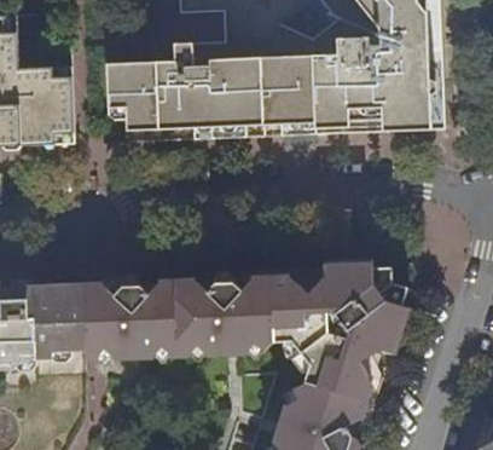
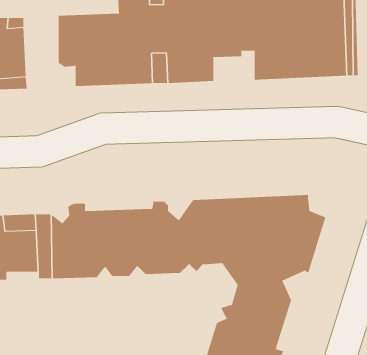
building: [283,103,327,137] -> none

